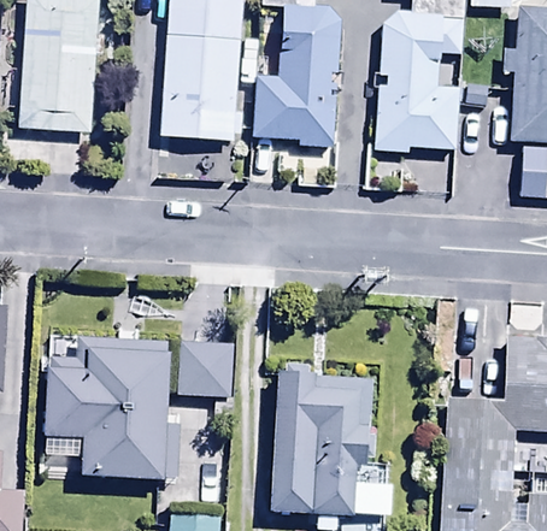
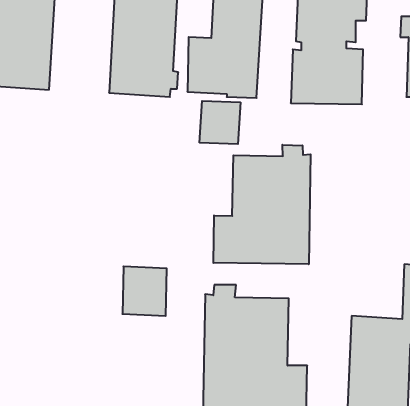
building: none -> [200,101,240,144]
building: none -> [213,145,311,264]
building: [47,321,178,482] -> none

